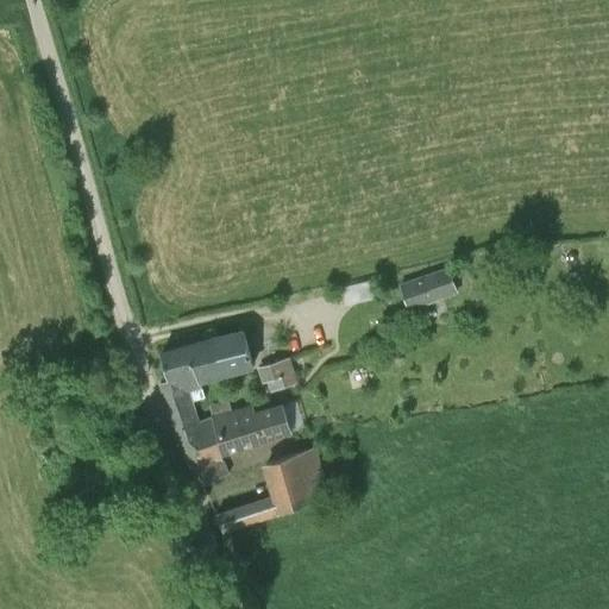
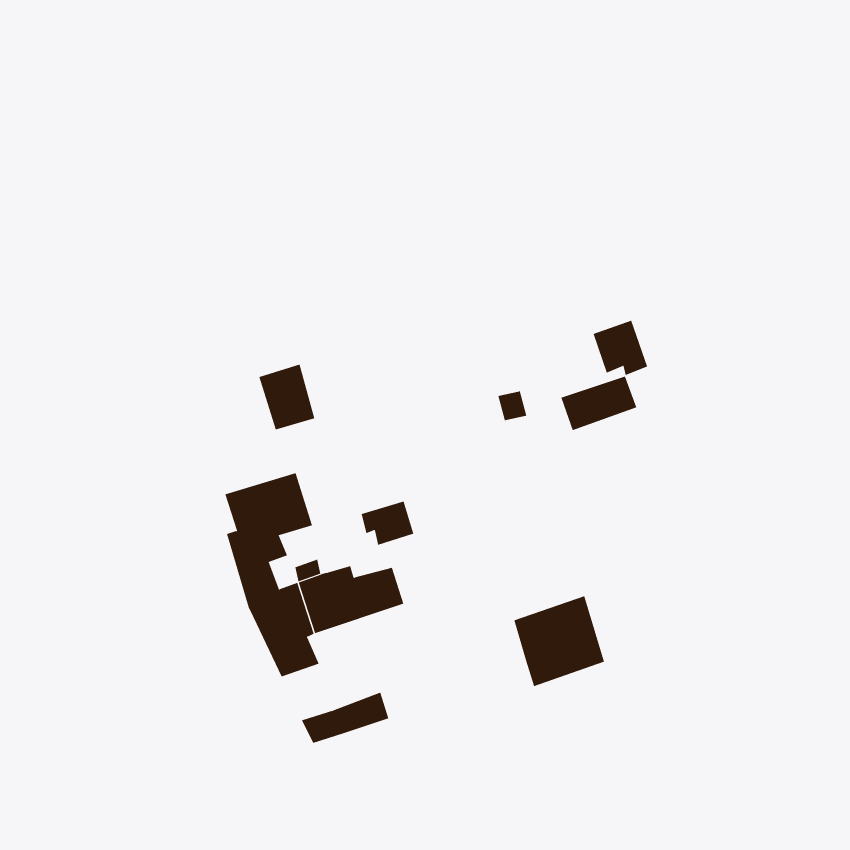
building: none -> [593,320,648,376]
building: [212,328,252,376] -> [259,364,315,430]
building: [264,448,329,514] -> [513,595,605,687]

